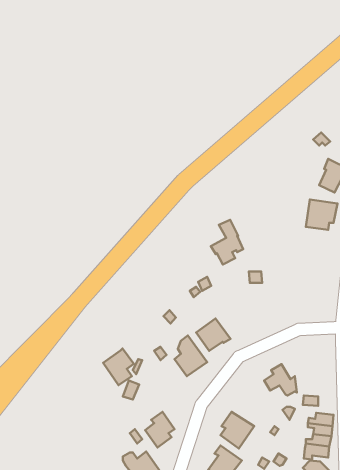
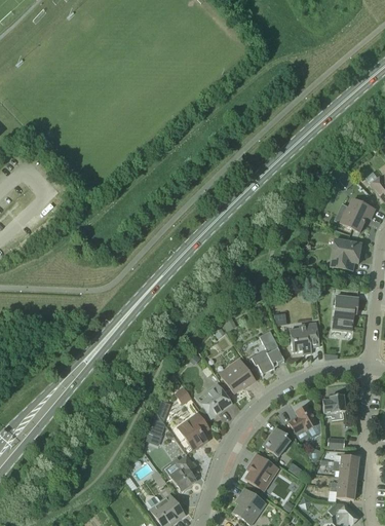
building: [211,220,243,264] -> [251,330,283,375]
building: none -> [332,295,357,330]
building: none -> [290,322,318,353]
building: [103,349,134,385] -> [178,412,208,449]
building: none -> [322,392,345,419]
building: none -> [262,425,290,456]

